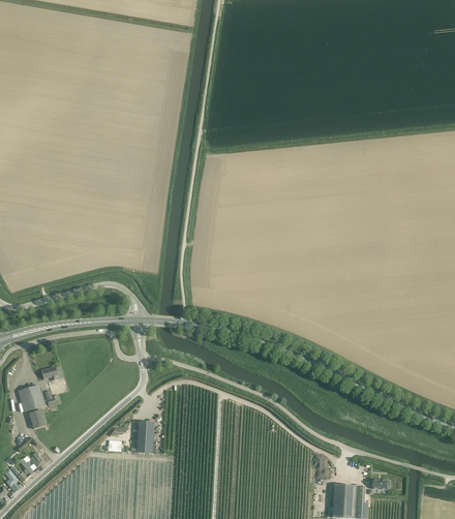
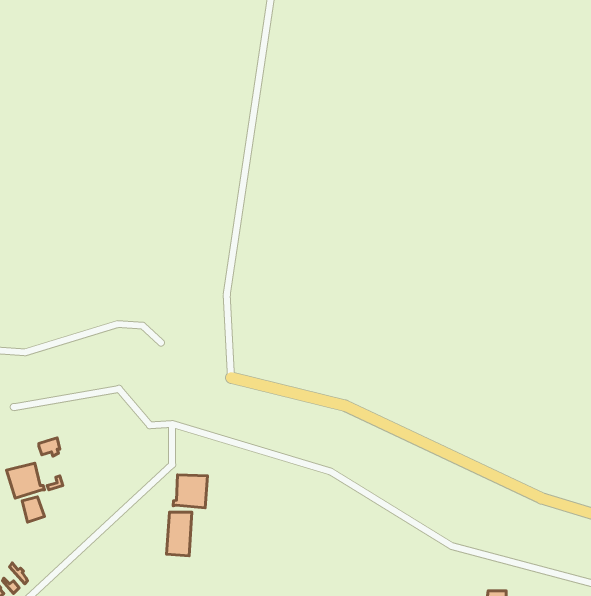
building: none -> [173,475,208,508]

